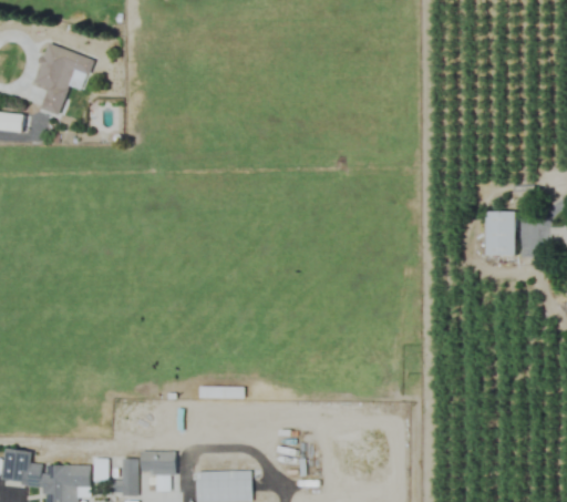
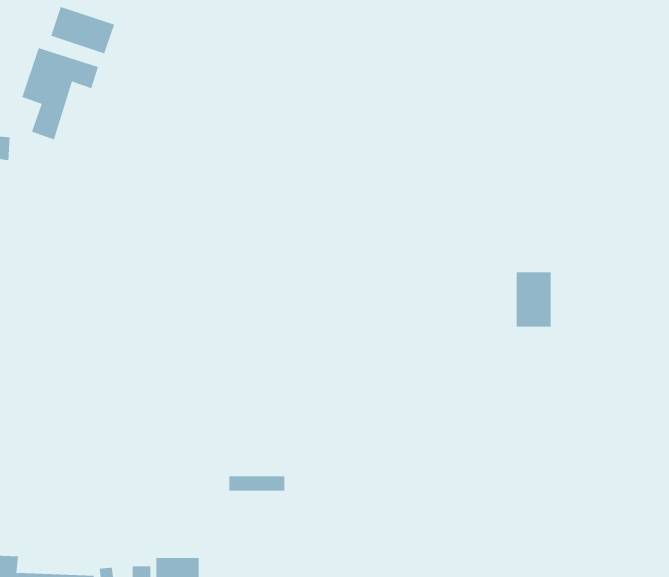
building: none -> [50,6,115,54]
building: [486,212,515,256] -> [516,272,552,327]

